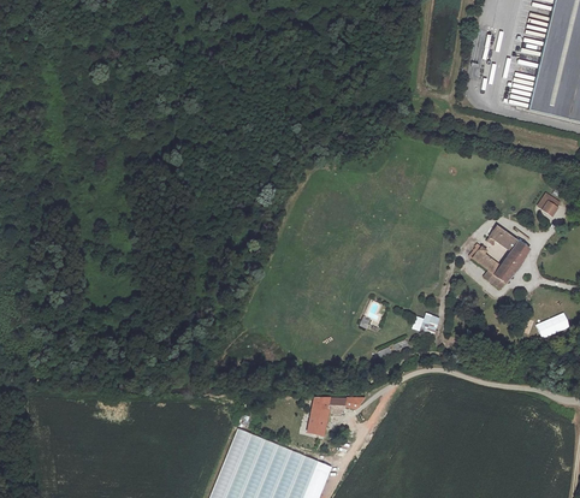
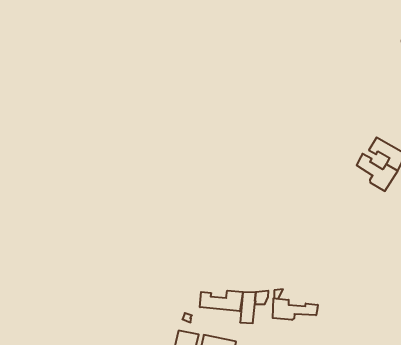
building: none -> [200,291,243,311]
building: none -> [273,298,318,320]

